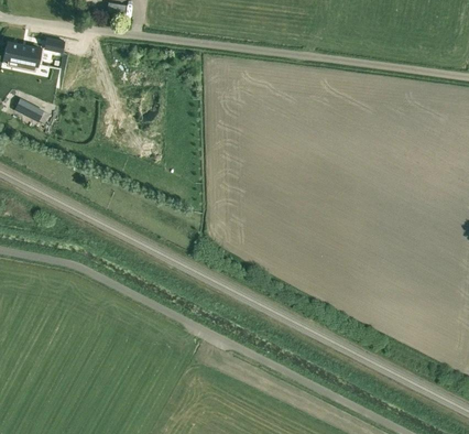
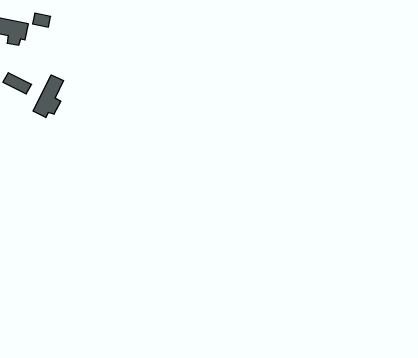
building: none -> [33,75,63,118]

